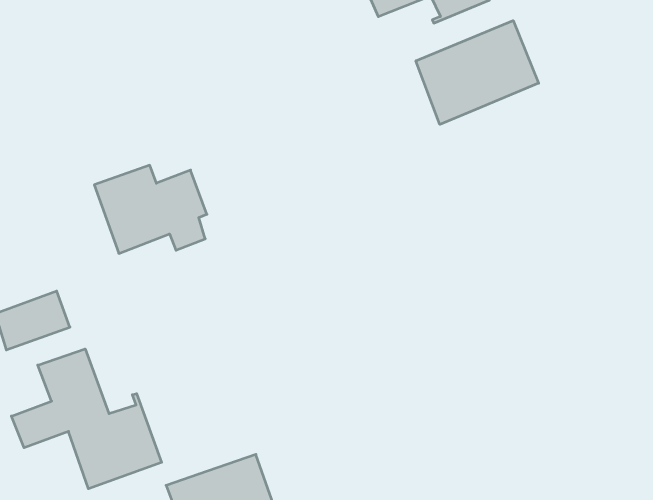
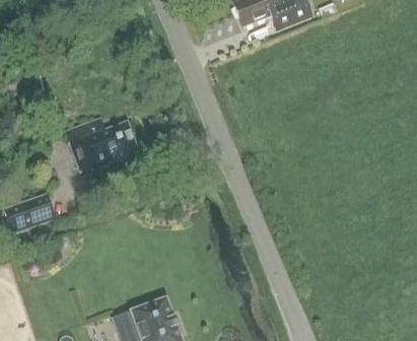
building: [416,21,539,124] -> none
building: [11,349,162,489] -> none

